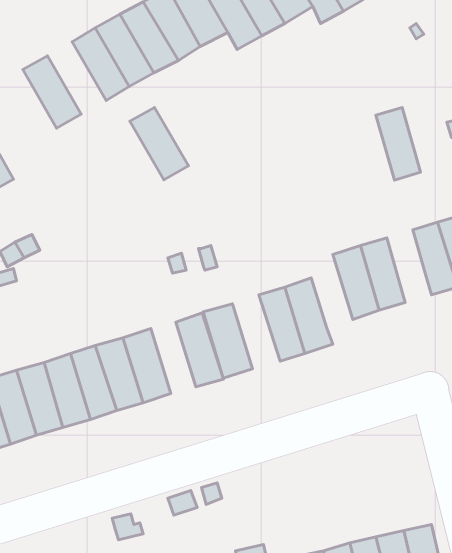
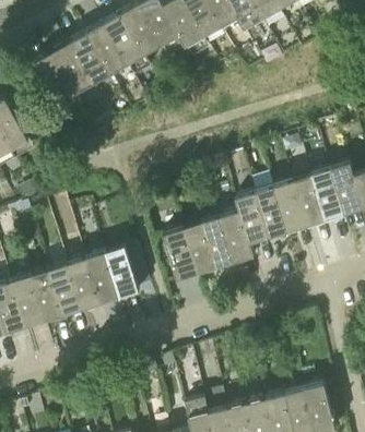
building: [130,107,189,180] -> [51,43,93,94]
building: [376,108,421,180] -> [292,176,323,227]
building: none -> [235,193,268,244]
building: [176,313,224,387] -> [182,221,216,274]

